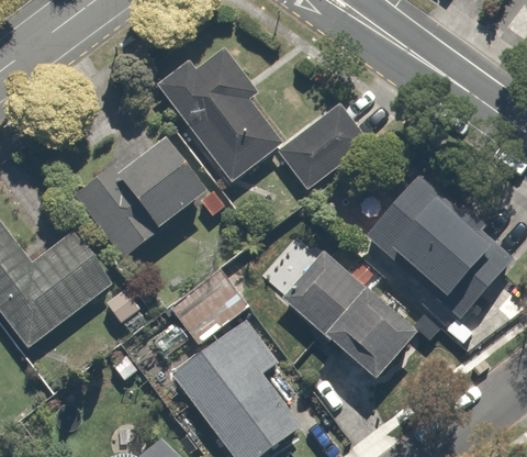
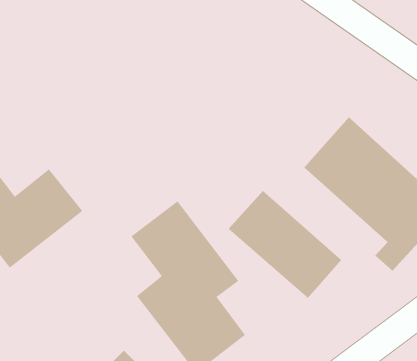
building: [158,47,281,182] -> none
building: [278,107,379,204] -> none
building: [70,122,214,263] -> none

